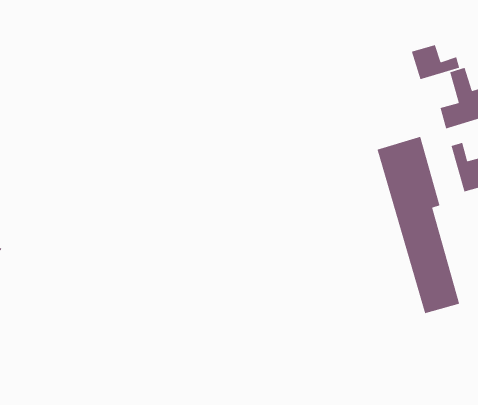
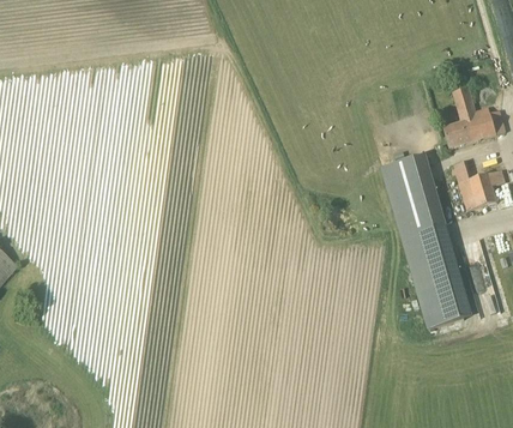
building: [411,44,460,80] -> none

